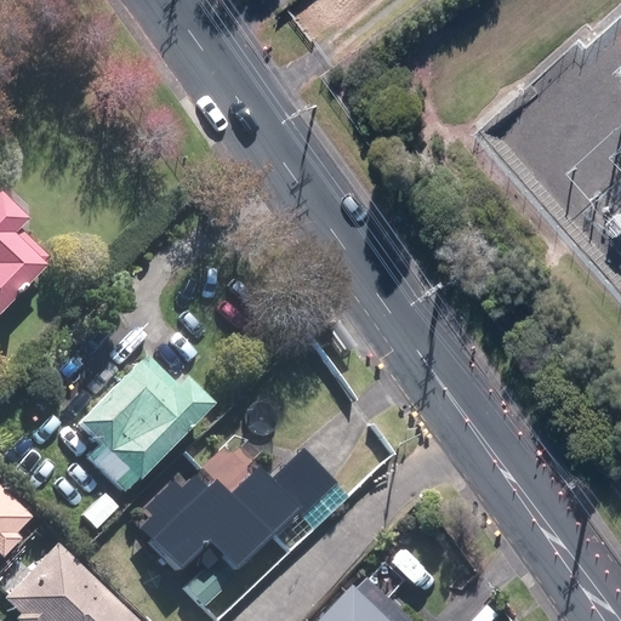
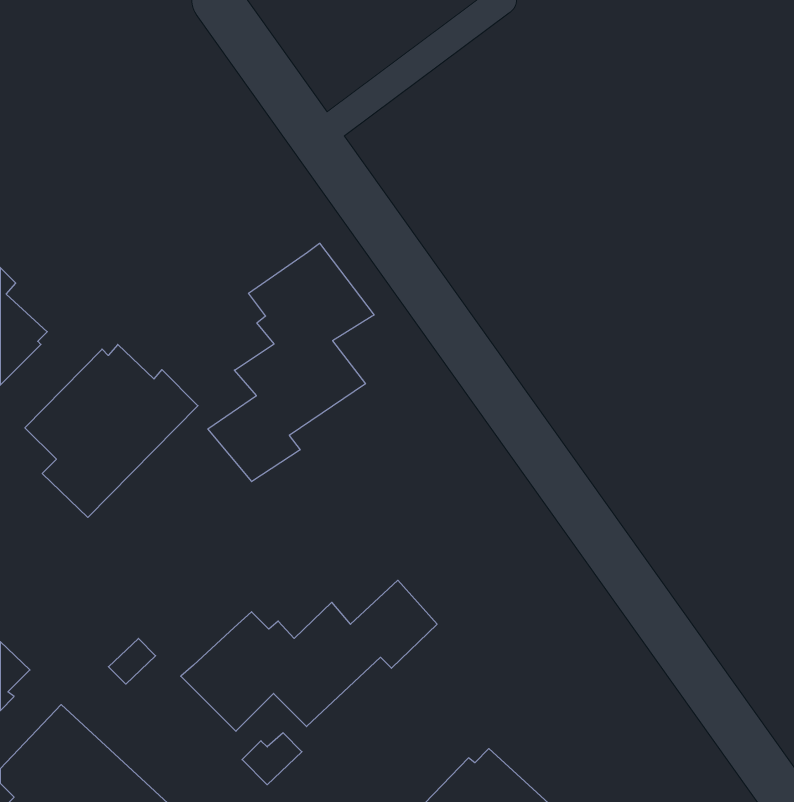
building: none -> [208,243,374,482]
building: [70,359,204,492] -> [25,344,198,517]

